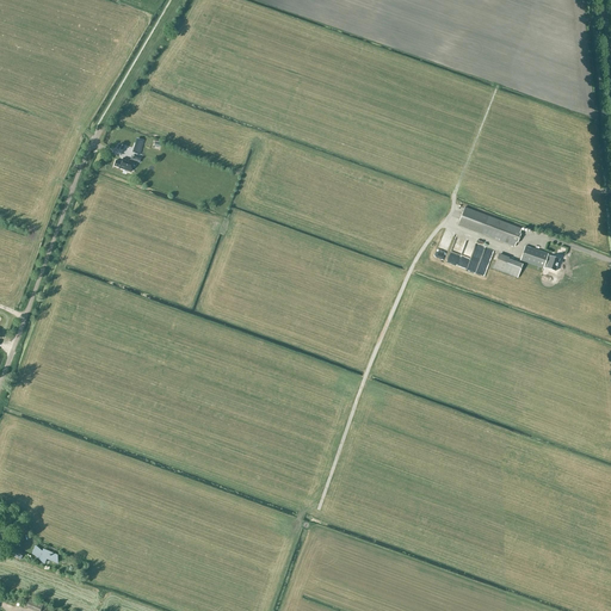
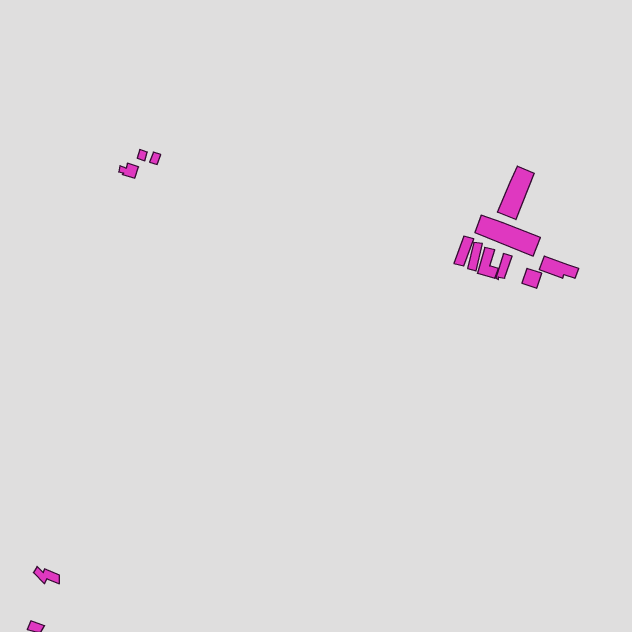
building: none -> [498,166,534,220]

